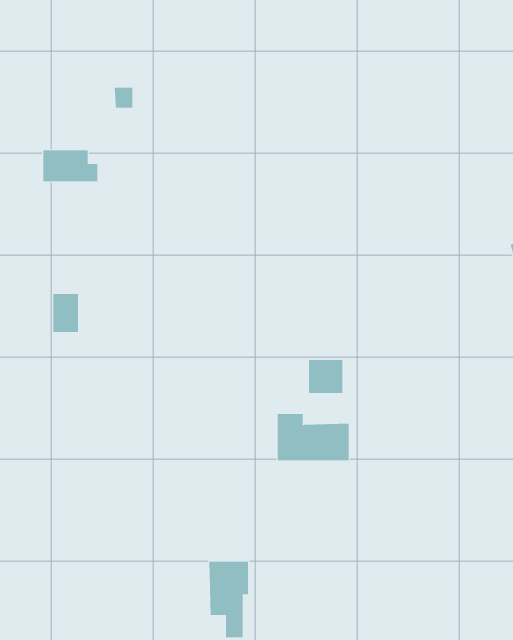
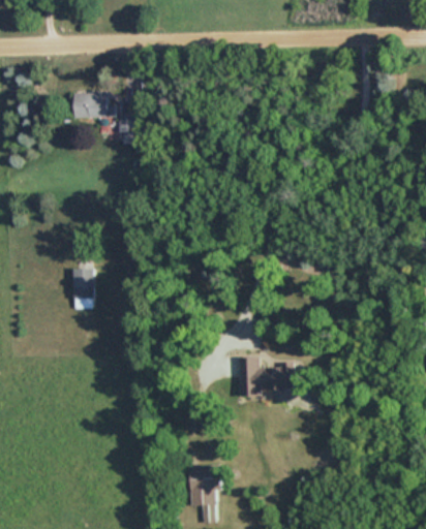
building: [42,150,98,182] -> [73,94,115,118]
building: [309,359,343,394] -> none

